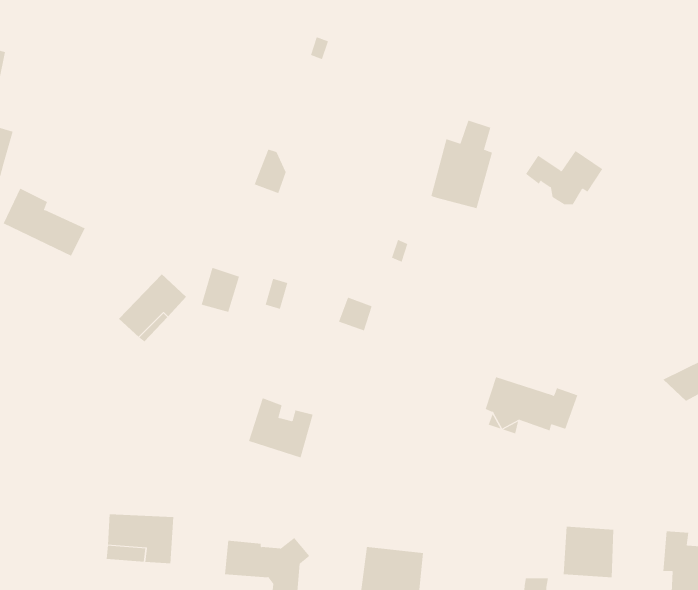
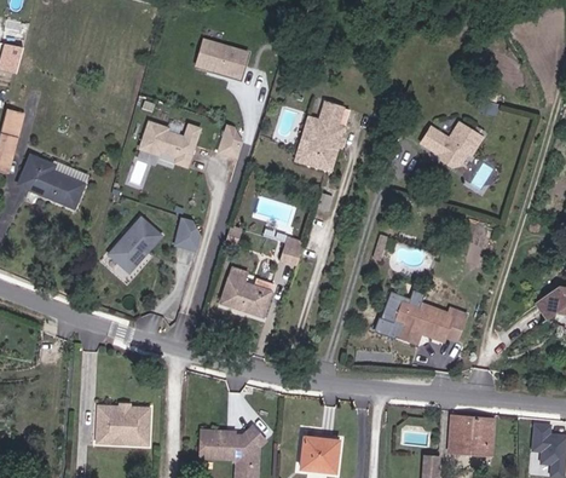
building: none -> [197,38,249,77]
building: [430,120,493,209] -> [299,103,347,172]
building: none -> [137,115,198,162]
building: [248,397,314,458] -> [221,270,272,317]

